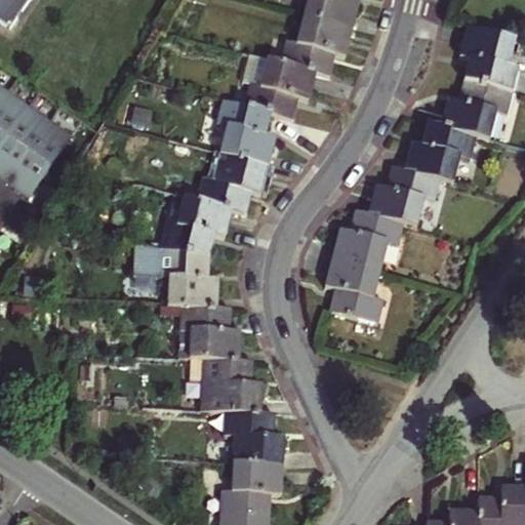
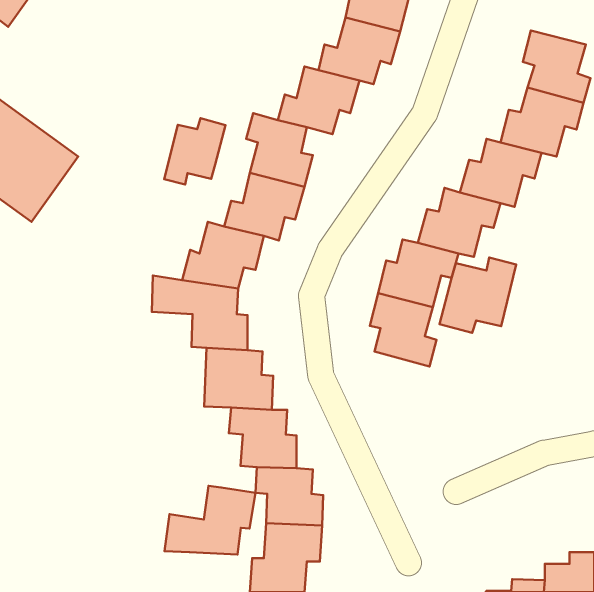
building: none -> [164,118,226,185]
building: none -> [440,258,516,333]
building: none -> [164,486,256,554]

